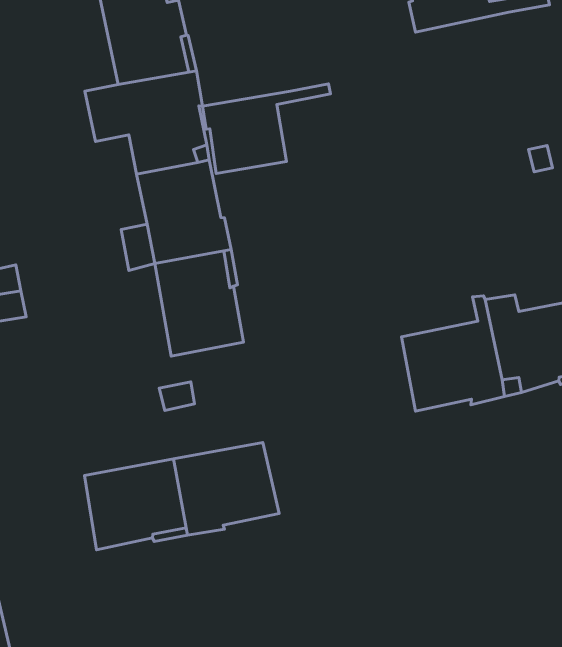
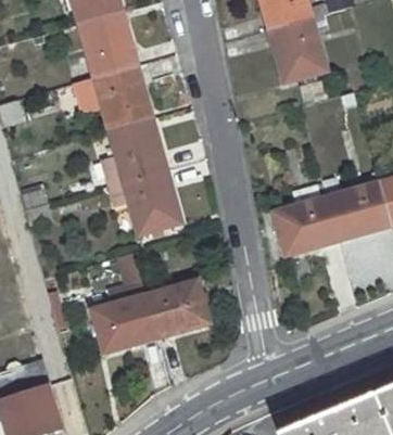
building: none -> [268,15,328,84]
building: [203,84,330,173] -> none

